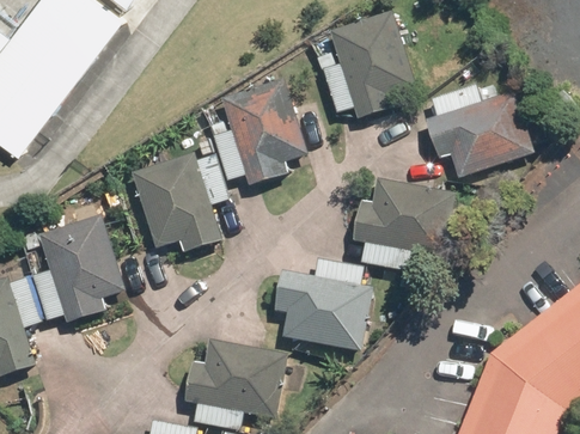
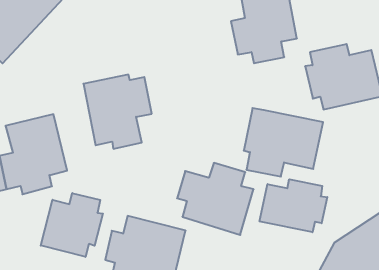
building: [212,80,304,188] -> none
building: none -> [260,179,327,232]
building: none -> [41,193,103,257]

